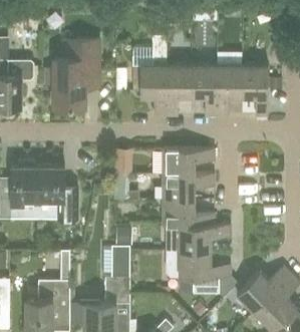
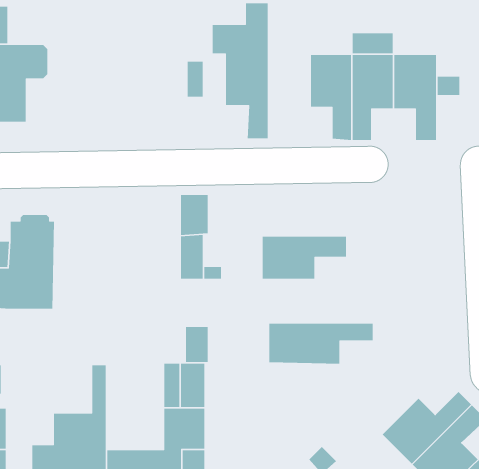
building: [43,38,99,108] -> none
building: [167,66,192,117] -> none
building: [163,150,215,176] -> none
building: [37,167,77,224] -> none
building: [162,202,215,228] -> none
building: [167,252,230,293] -> none

